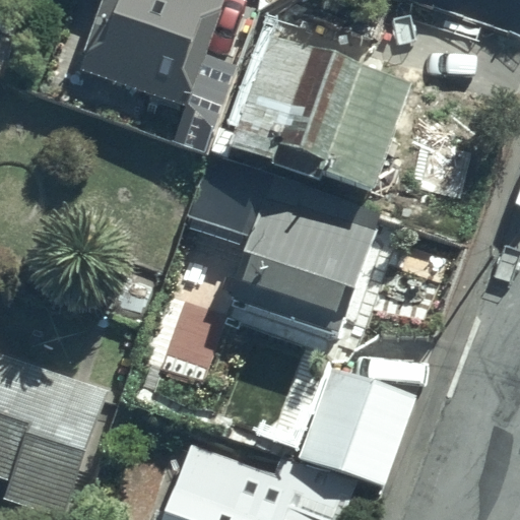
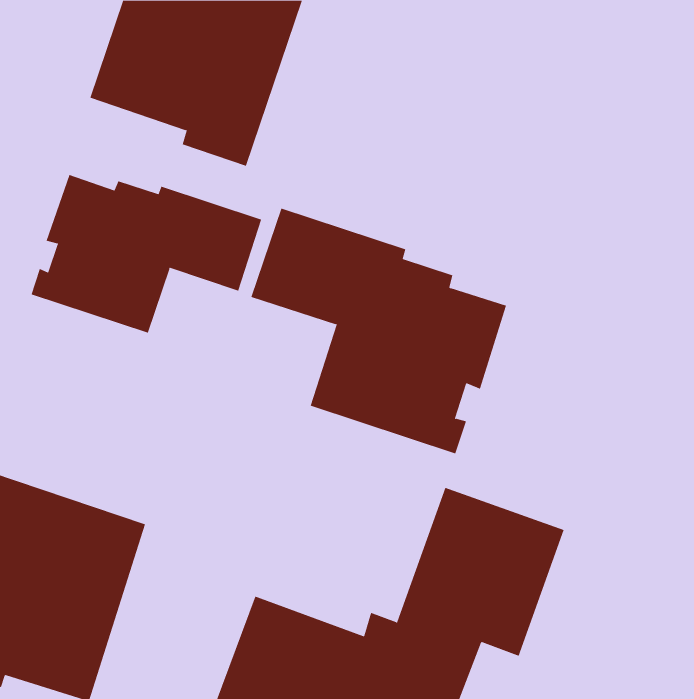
building: [209,38,411,195] -> none
building: none -> [31,174,262,334]

